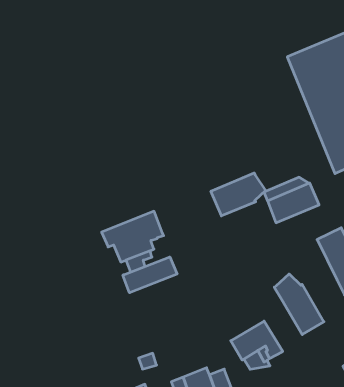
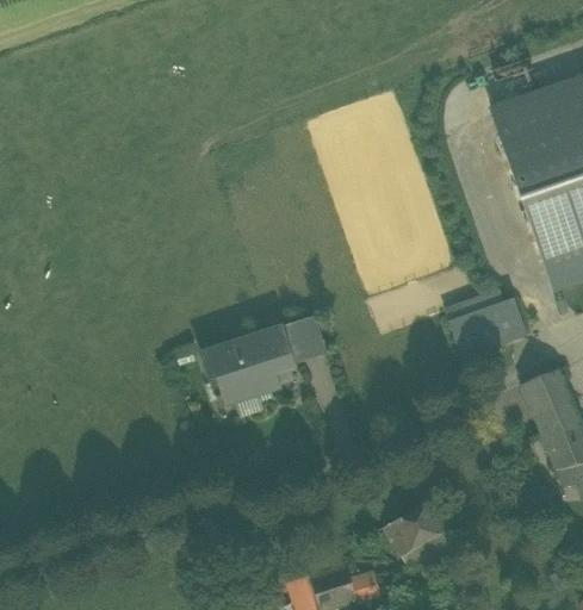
building: [211,173,265,216] -> none
building: none -> [280,318,322,361]
building: [123,257,177,293] -> none
building: [274,274,324,335] -> none

